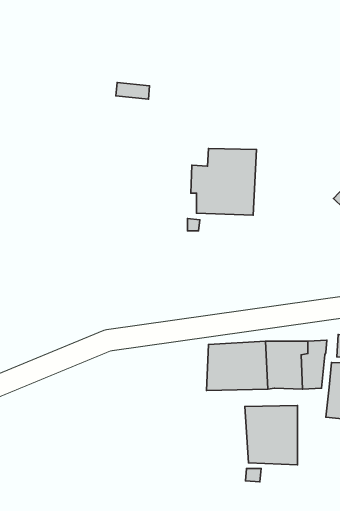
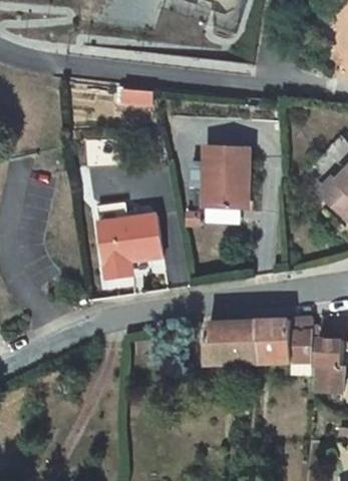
building: none -> [96,203,161,278]
building: [245,406,298,465] -> none

